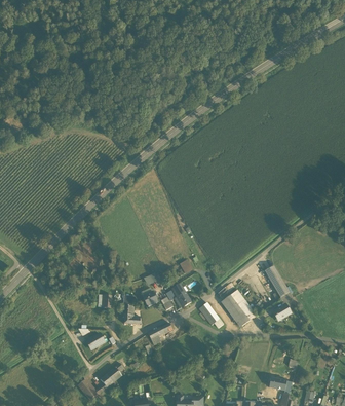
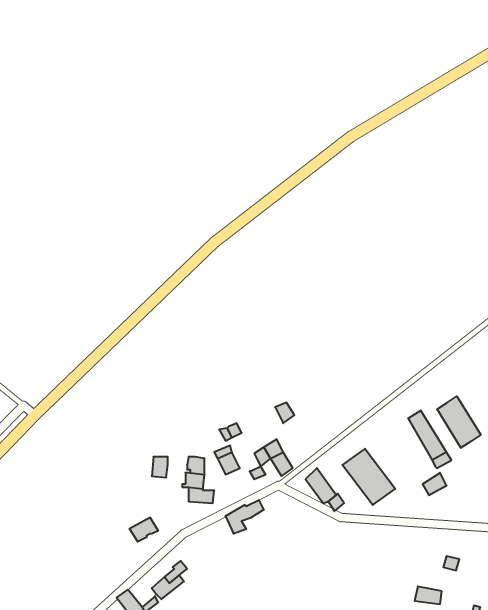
building: none -> [437,396,481,448]

